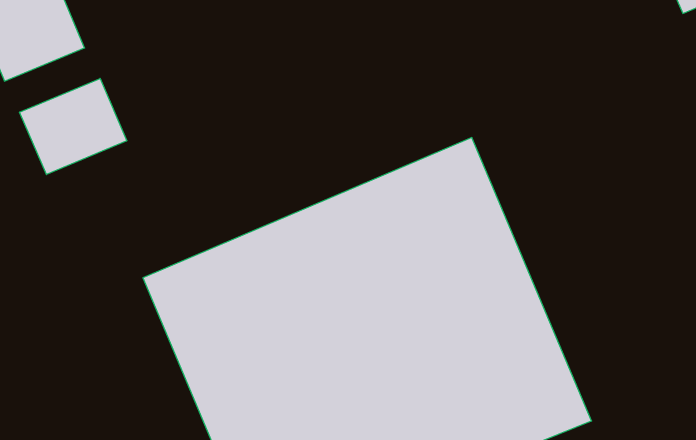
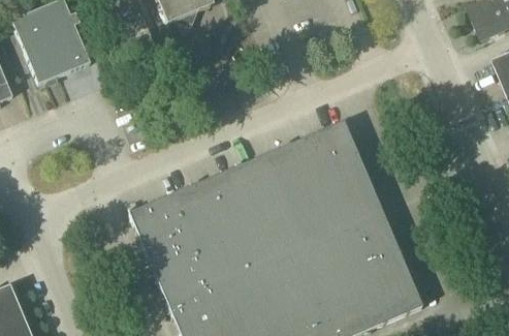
building: [20,78,127,175] -> none

